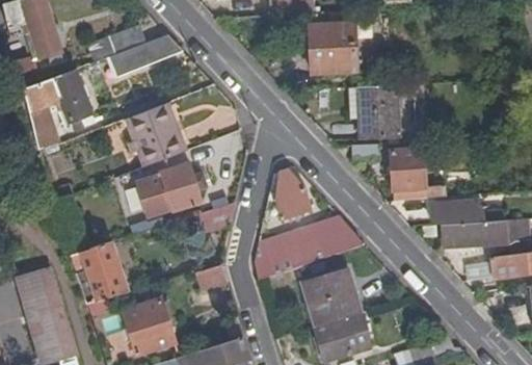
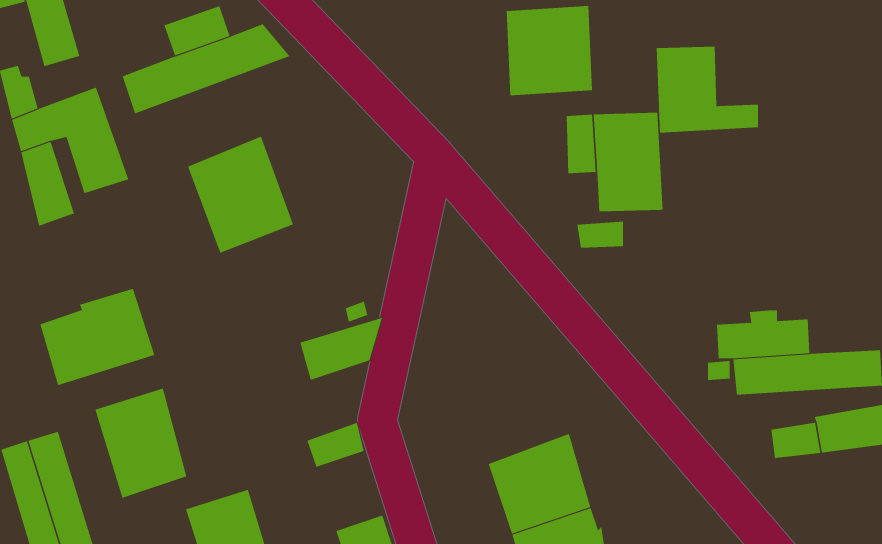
building: [388,152,447,202] -> [656,46,759,133]
building: [137,162,204,218] -> [39,288,155,386]
building: [271,171,310,221] -> none
building: [252,217,356,281] -> none

